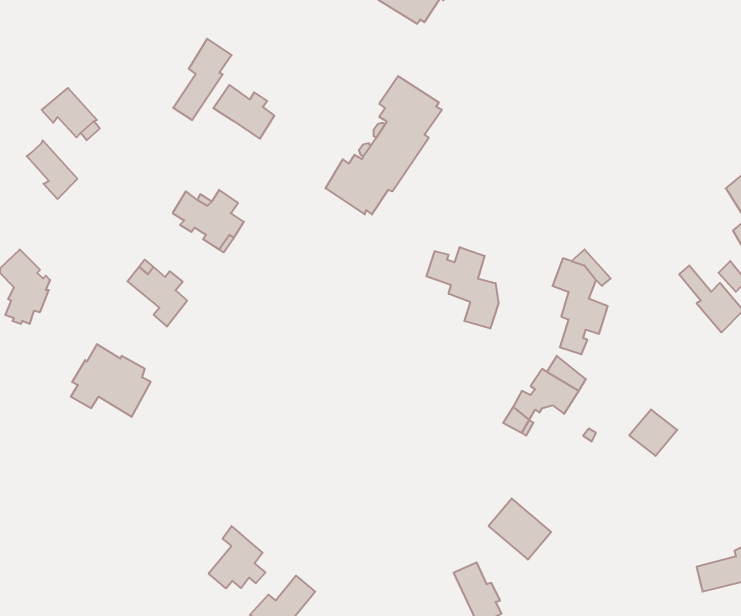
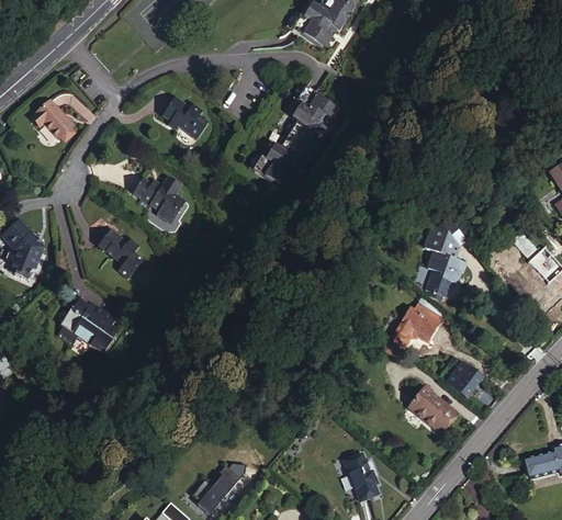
building: [173,39,232,120] -> none
building: [27,140,77,199] -> none
building: [426,247,498,329] -> none
building: [629,409,677,456] -> [446,364,482,399]
building: [489,498,551,560] -> [407,386,454,432]
building: [209,526,265,588] -> none

